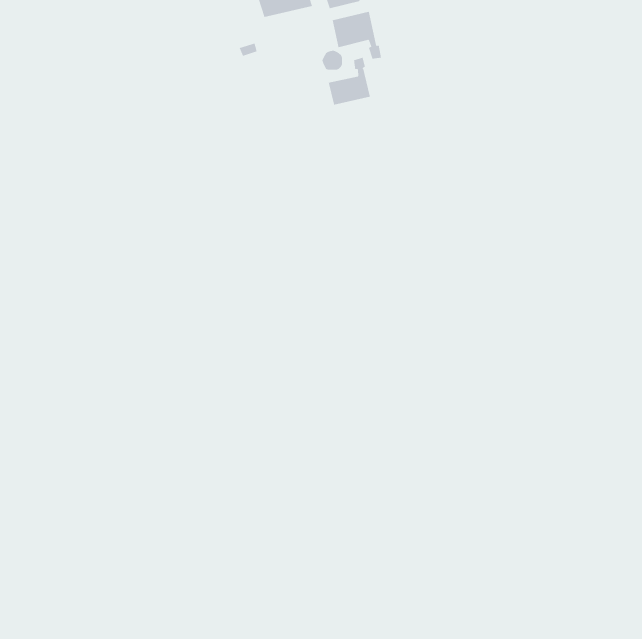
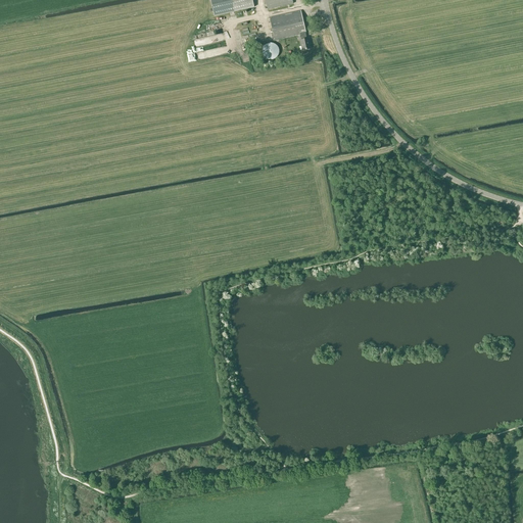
building: [328,57,370,106] -> none

